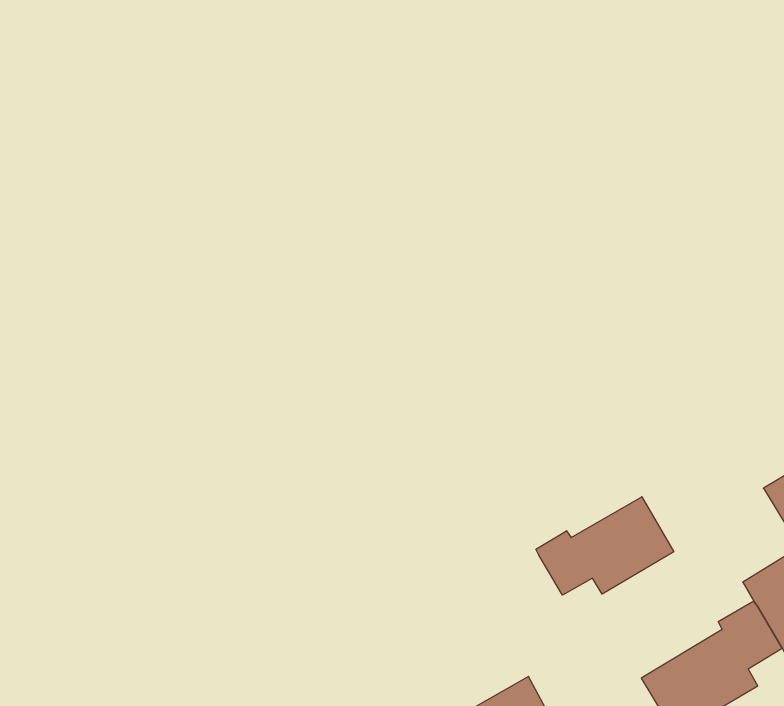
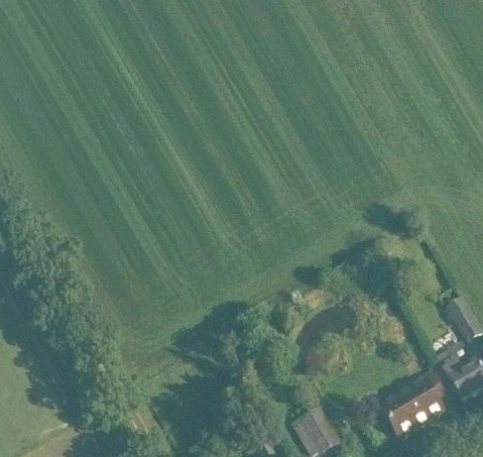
building: [536,497,674,595] -> none

